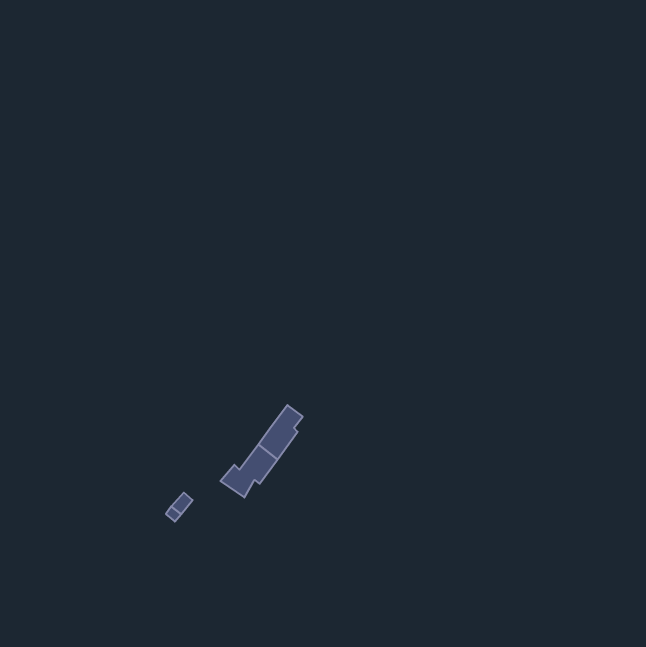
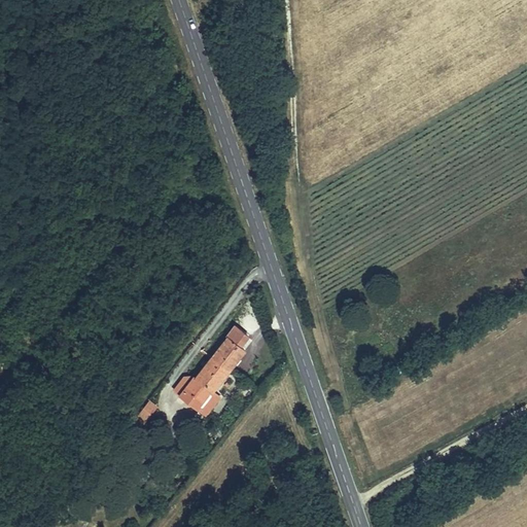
building: none -> [174,375,218,415]

